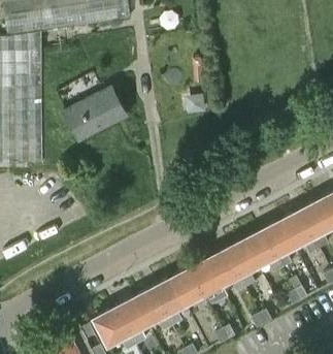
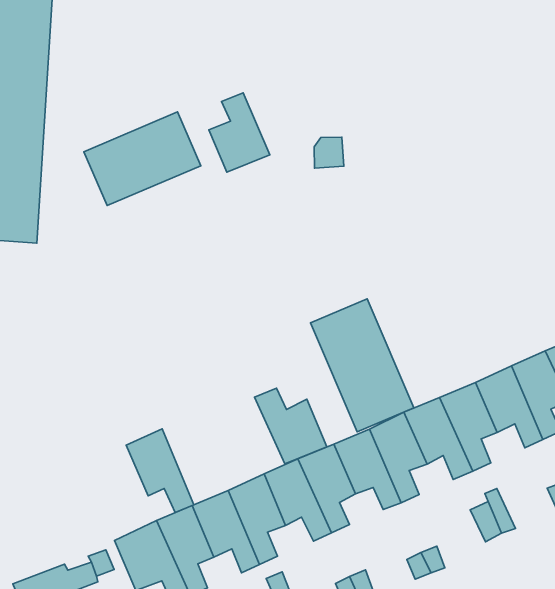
building: none -> [209,93,270,172]
building: none -> [310,299,414,432]
building: none -> [255,388,327,464]
building: none -> [126,429,194,512]

